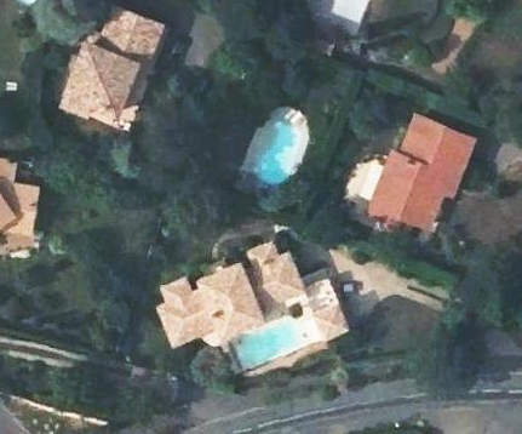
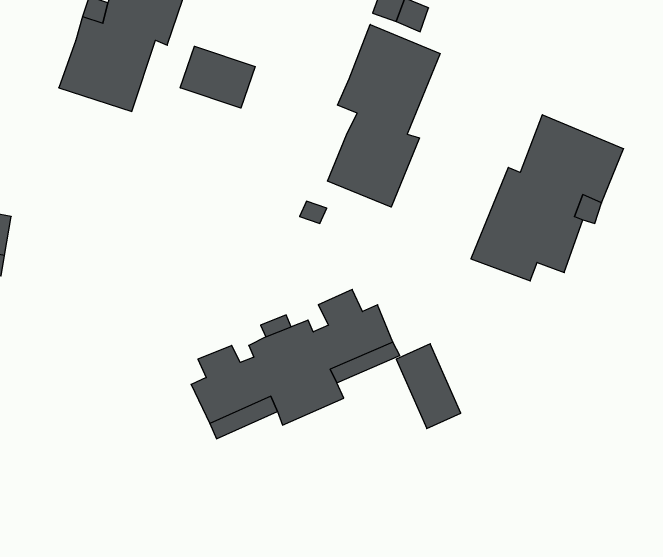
building: none -> [328,24,440,207]
building: none -> [180,46,255,108]

